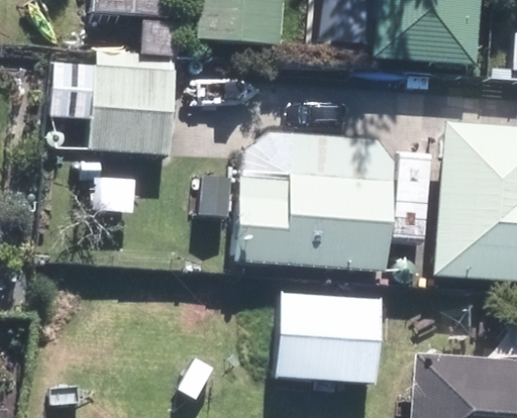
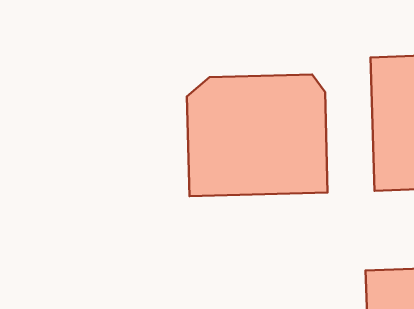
building: [96,70,171,149] -> none
building: [279,296,382,380] -> none

